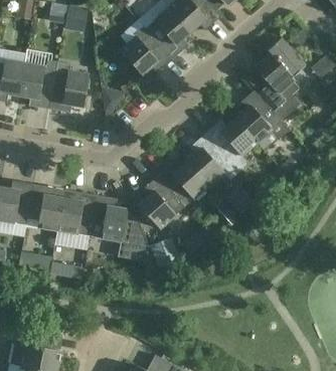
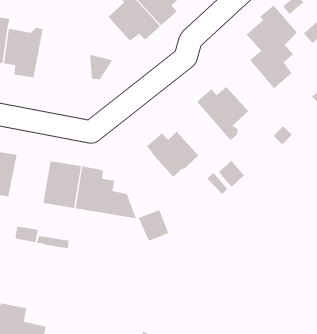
building: [48,62,88,114] -> none
building: [234,90,288,142] -> none
building: [186,133,238,185] -> none
building: [138,176,183,228] -> none
building: [25,184,63,231] -> none

